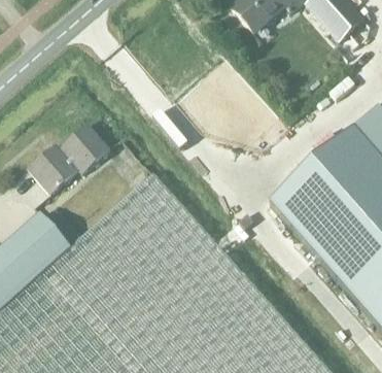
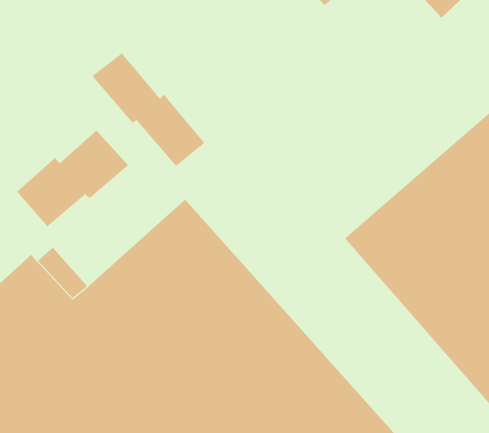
building: none -> [91,52,205,167]

